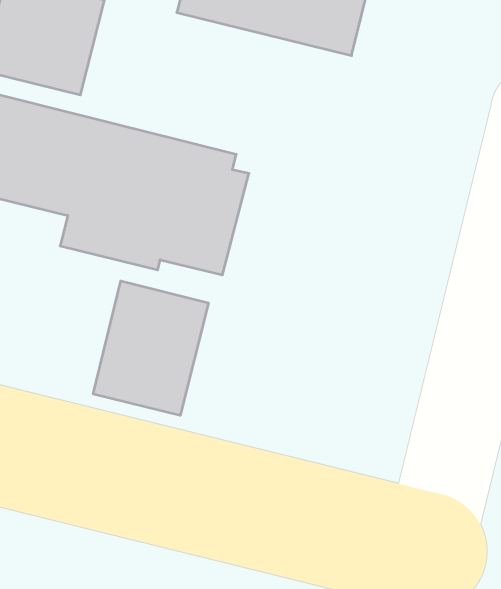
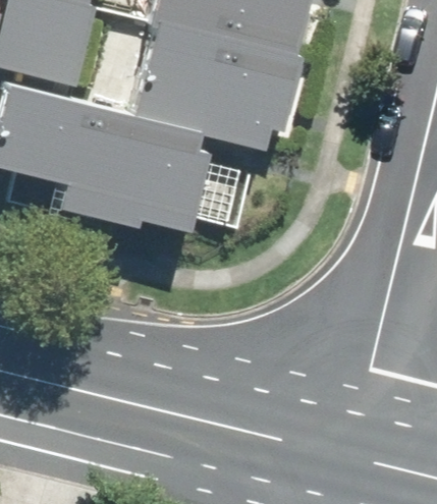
building: none -> [130,18,293,146]
building: [93,281,208,415] -> none

